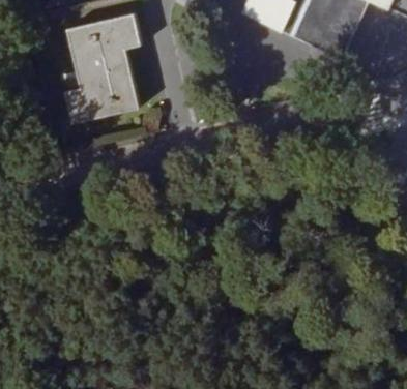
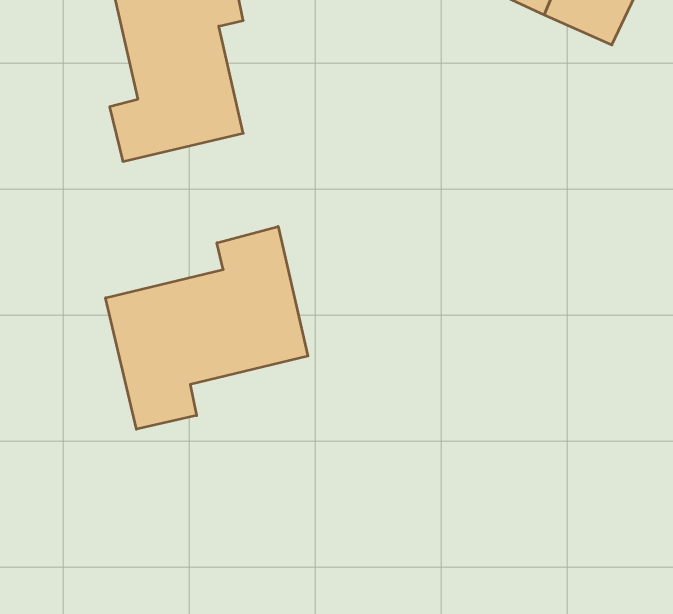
building: none -> [106,226,308,429]

